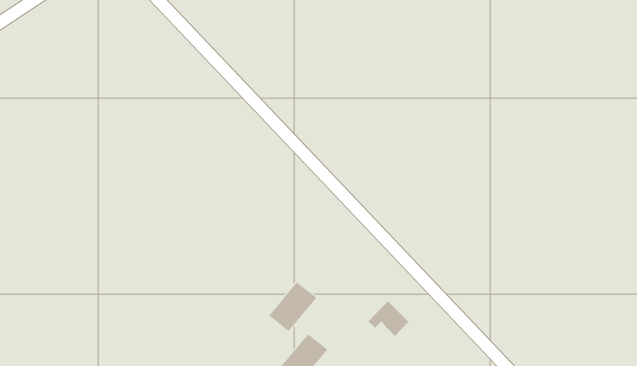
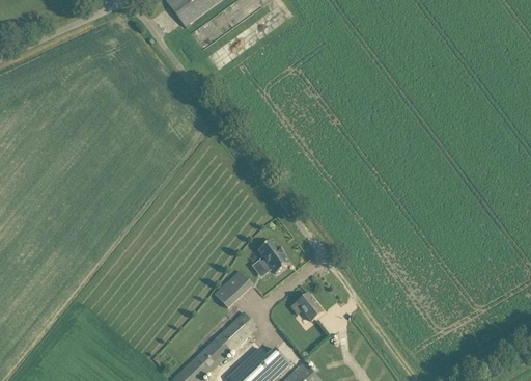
building: none -> [257,240,289,273]

